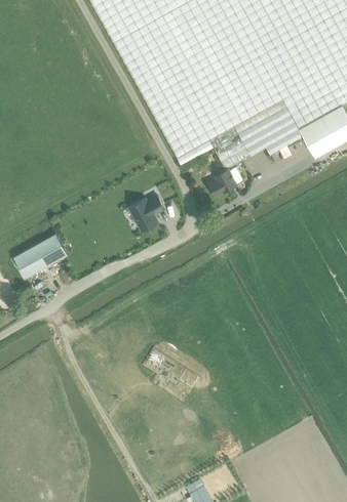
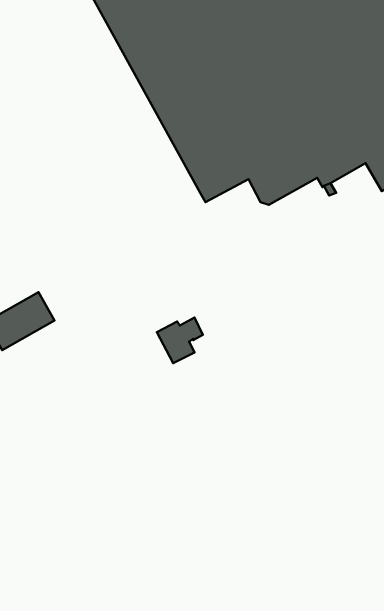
building: [206,166,241,195] -> none
building: [128,195,163,229] -> [157,317,203,363]

